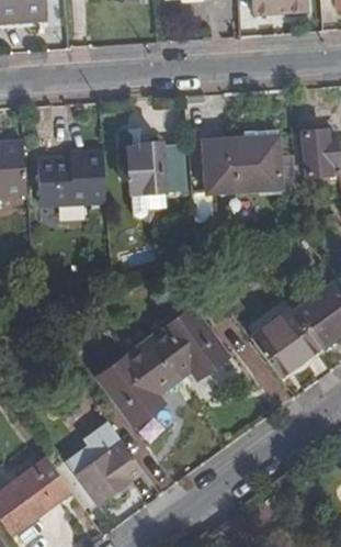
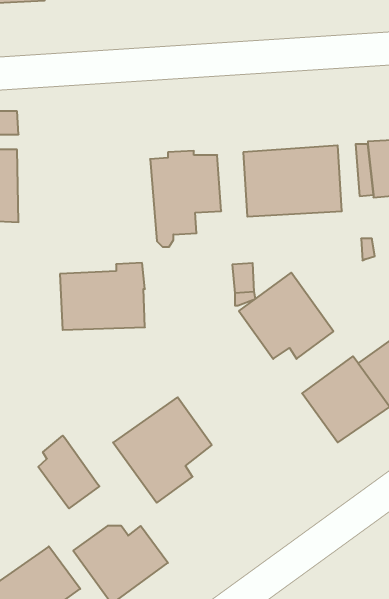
building: [38,152,106,205] -> [60,263,145,330]
building: [150,308,226,377] -> [239,273,333,359]
building: none -> [38,436,99,508]

